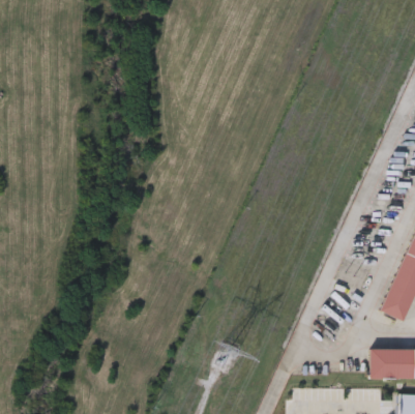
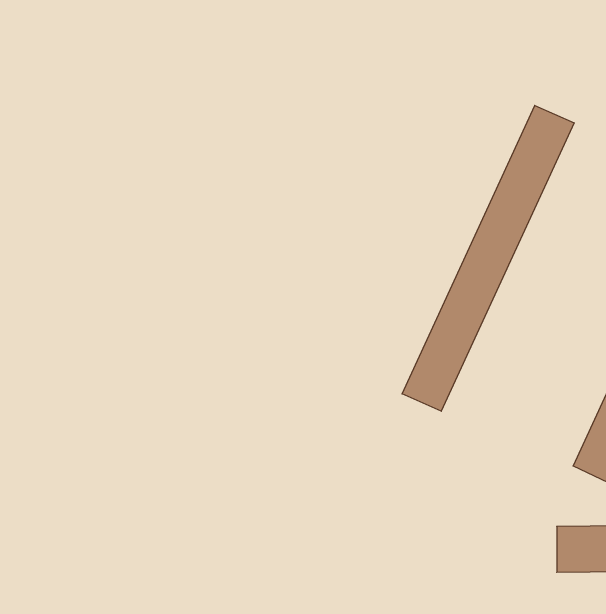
building: none -> [402,105,574,411]

